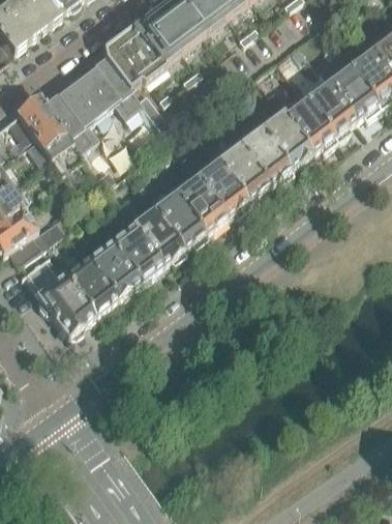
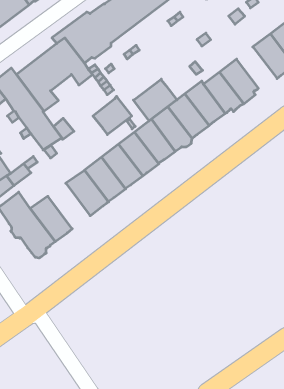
building: [320,58,378,119] -> none
building: none -> [133,79,177,121]
building: none -> [93,96,132,135]
building: [85,240,139,298] -> none

